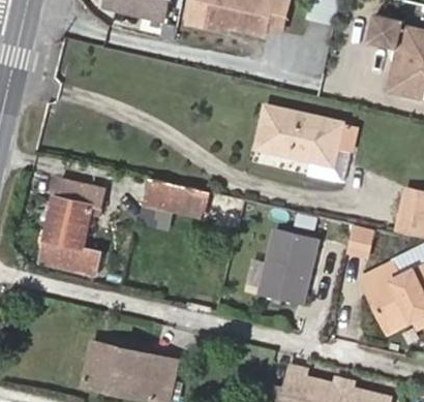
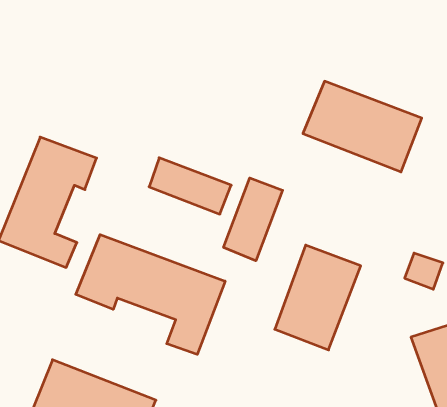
building: none -> [224,178,283,261]
building: none -> [76,235,225,354]

